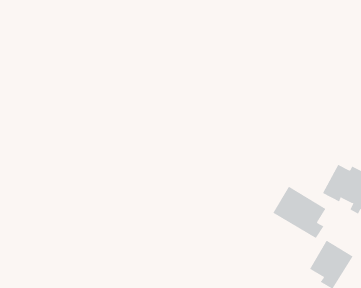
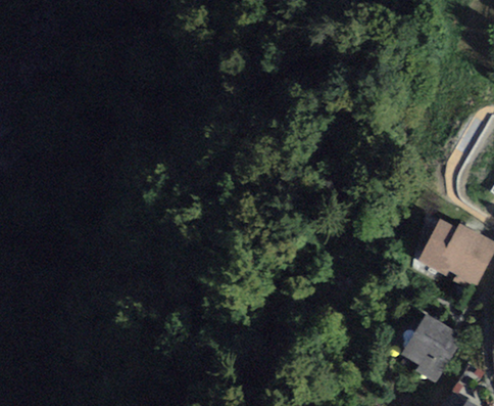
building: [272,186,326,239] -> none

